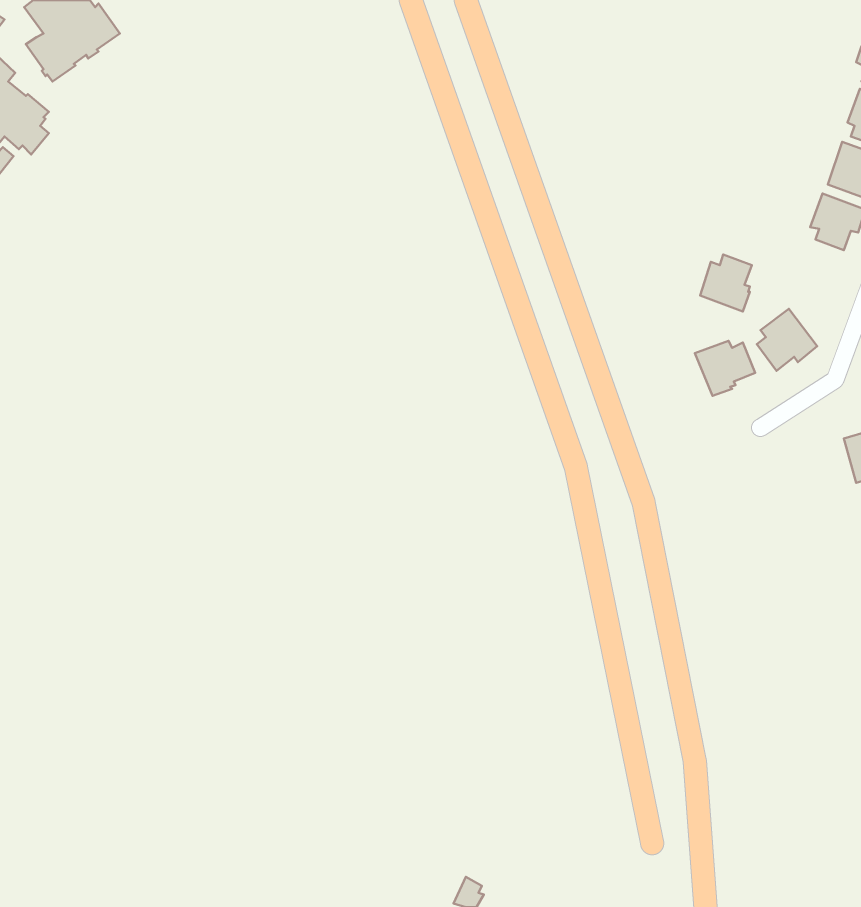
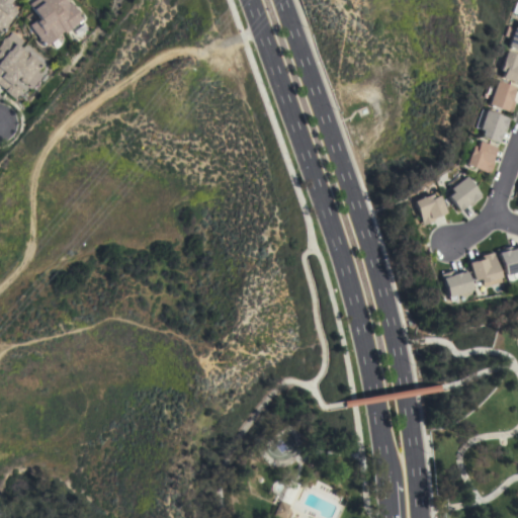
building: [700,255,752,311] -> [468,142,498,174]
building: none -> [470,252,503,287]
building: none -> [442,269,473,301]

